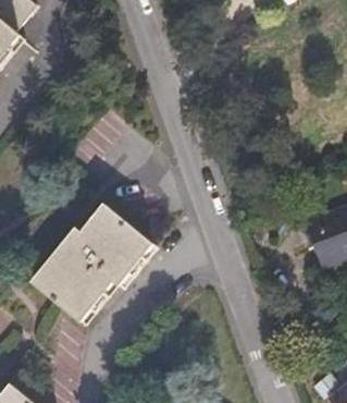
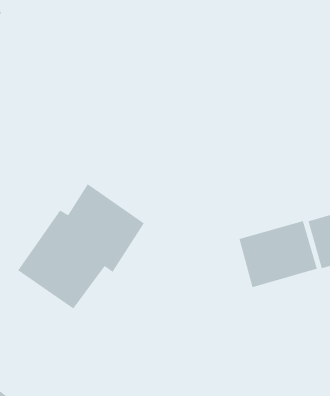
building: none -> [238,220,318,288]

